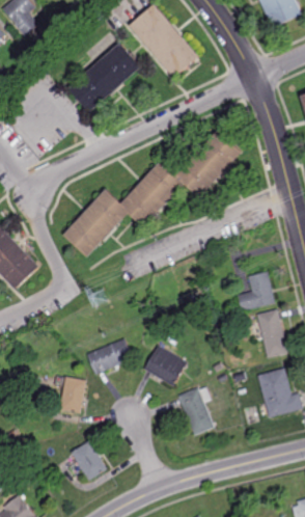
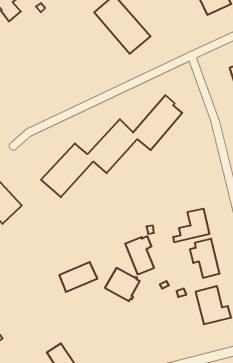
building: [68,42,142,113] -> none
building: [59,377,86,414] -> none
building: [177,387,214,435] -> [125,236,154,274]

